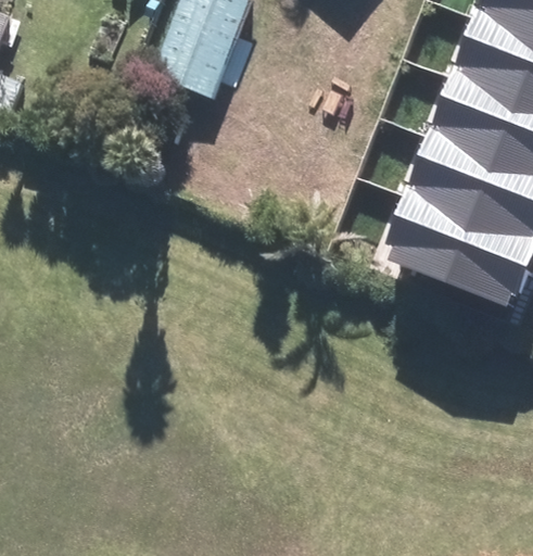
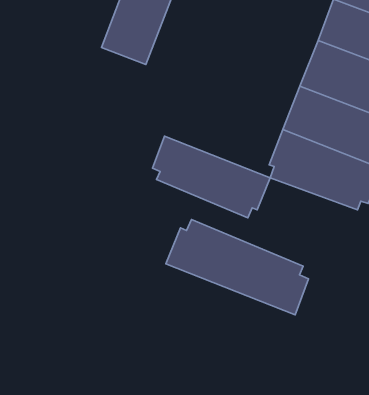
building: none -> [153,136,270,218]
building: none -> [166,219,308,315]

